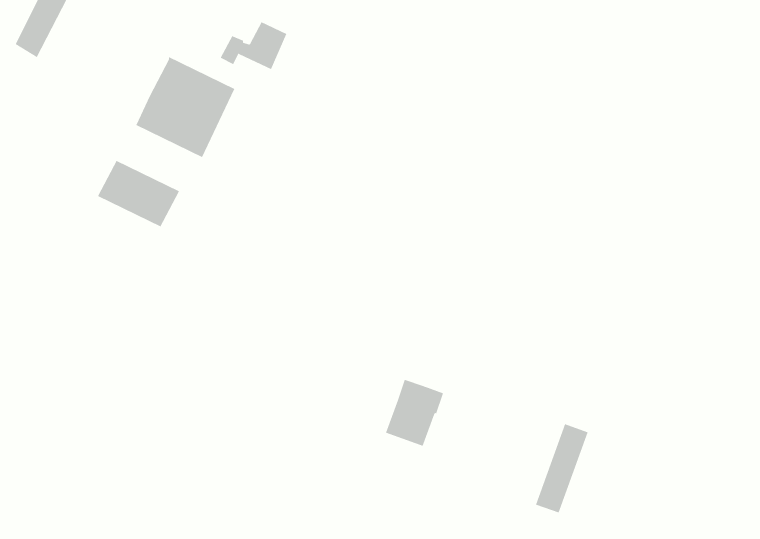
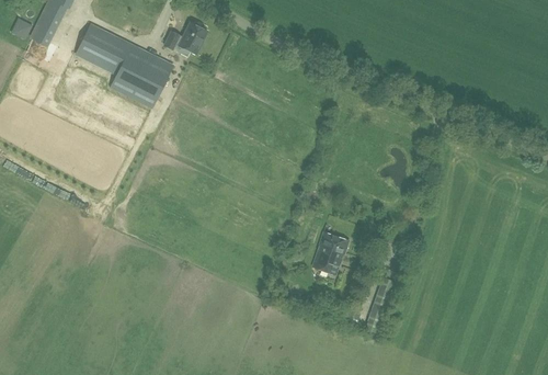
building: [97,160,180,227] -> [77,26,129,69]
building: [385,379,444,447] -> [310,231,347,274]

